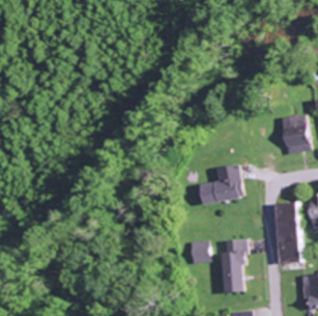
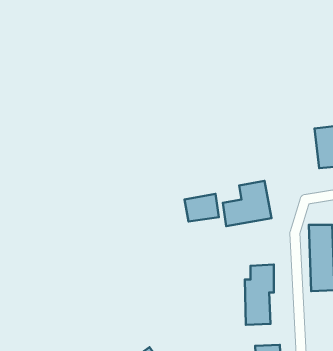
building: none -> [185,194,219,222]
building: [189,240,207,262] -> none

